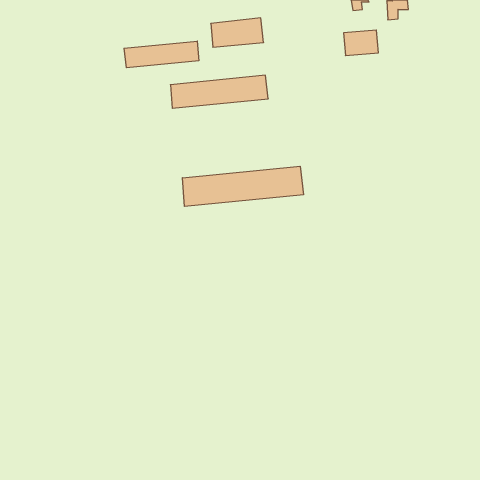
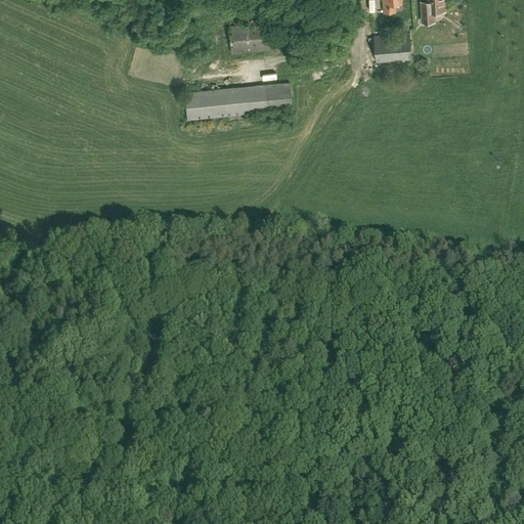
building: [124,41,199,68] -> none
building: [182,166,303,206] -> none

